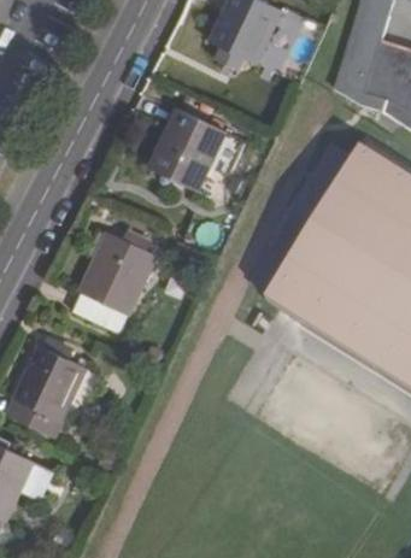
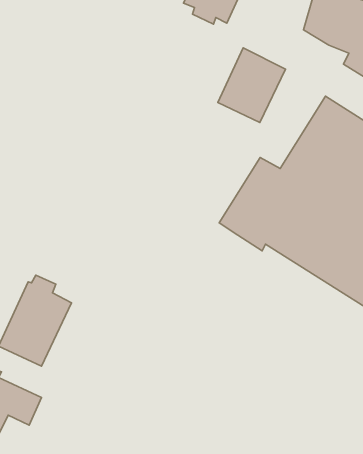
building: [148,107,222,188] -> [218,48,285,122]
building: [71,233,155,334] -> none

